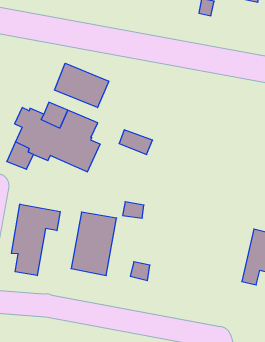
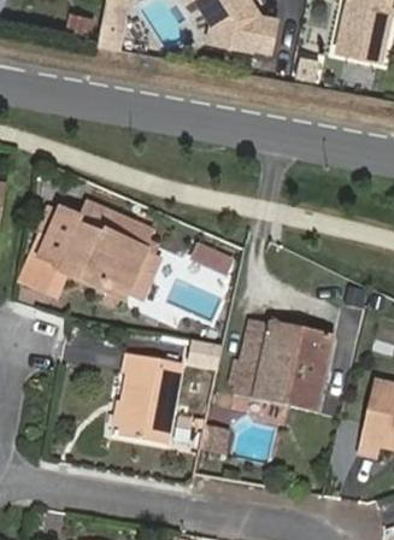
building: [55,63,109,108] -> none
building: none -> [231,321,333,412]
building: [11,204,60,276] -> none

